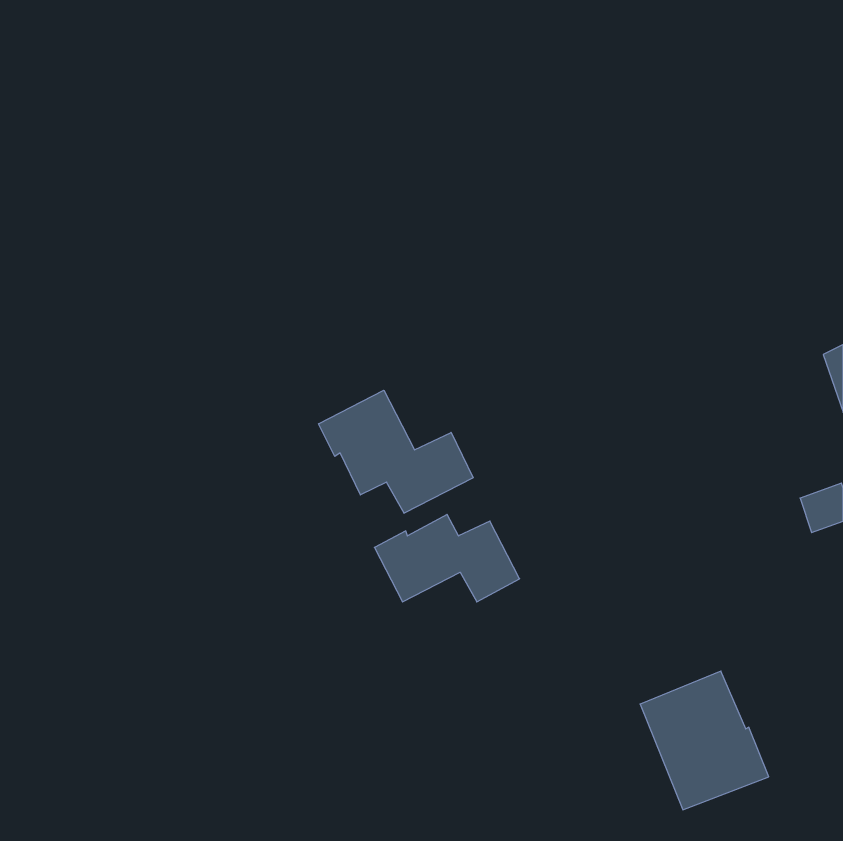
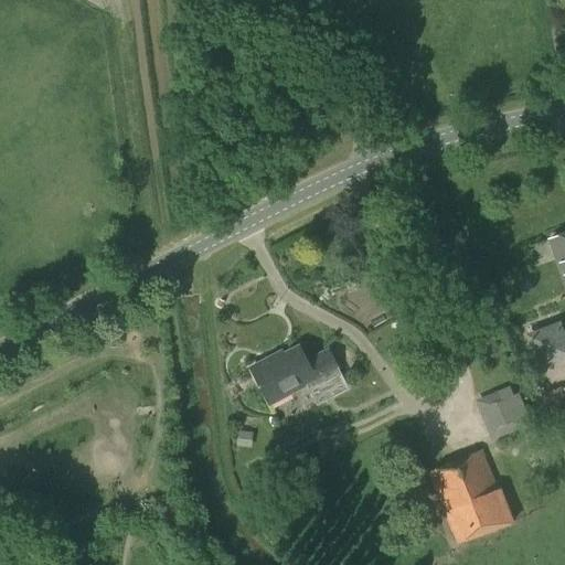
building: [319,390,473,513] -> none
building: none -> [486,394,530,435]

